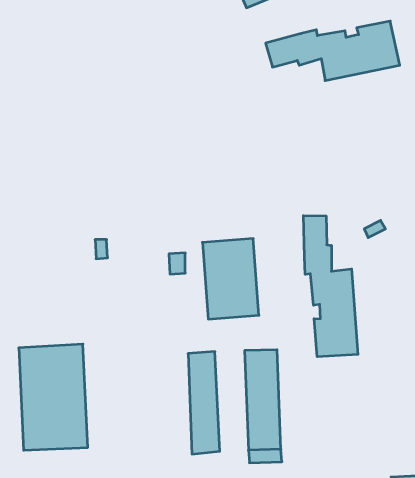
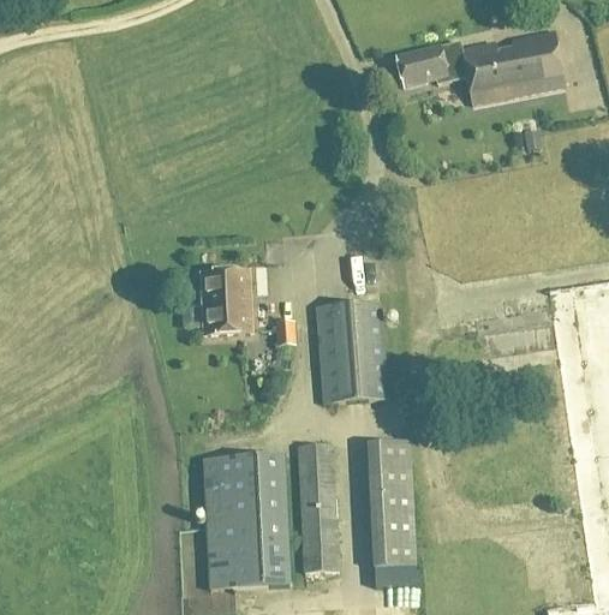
building: none -> [201,268,251,333]
building: [303,216,358,357] -> none
building: [19,344,88,450] -> [203,454,289,587]

